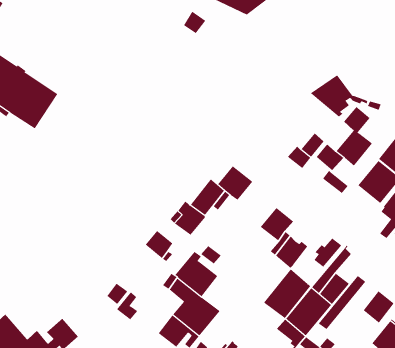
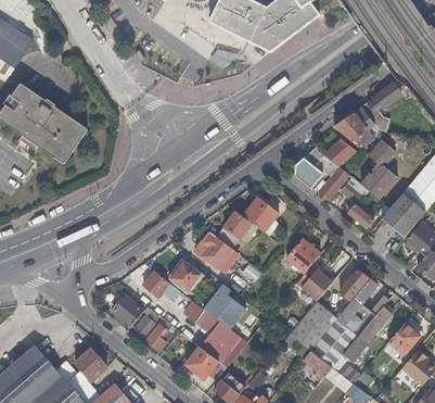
building: none -> [361,84,401,130]
building: none -> [322,136,353,166]
building: none -> [294,156,322,187]
building: none -> [142,270,180,300]
building: none -> [112,294,143,326]

